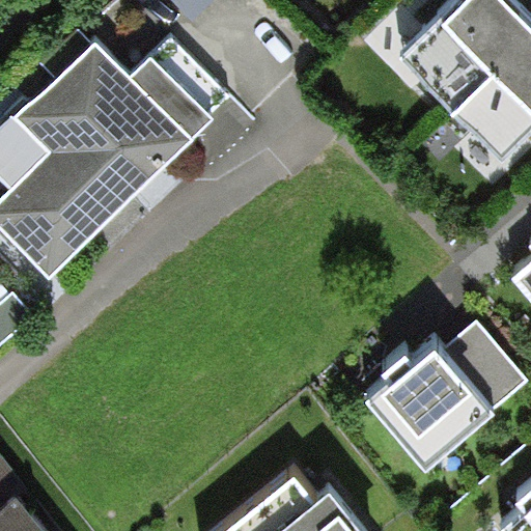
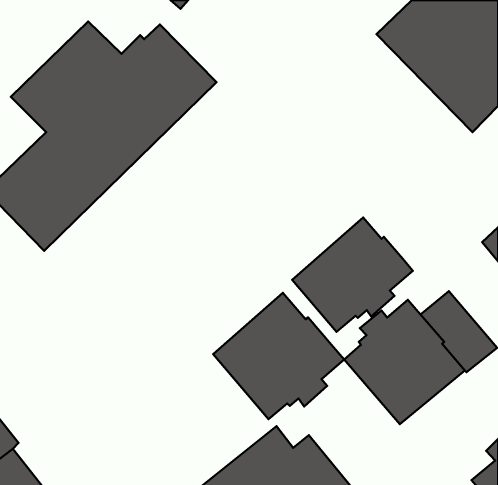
building: none -> [292,218,413,332]
building: none -> [213,293,344,419]

